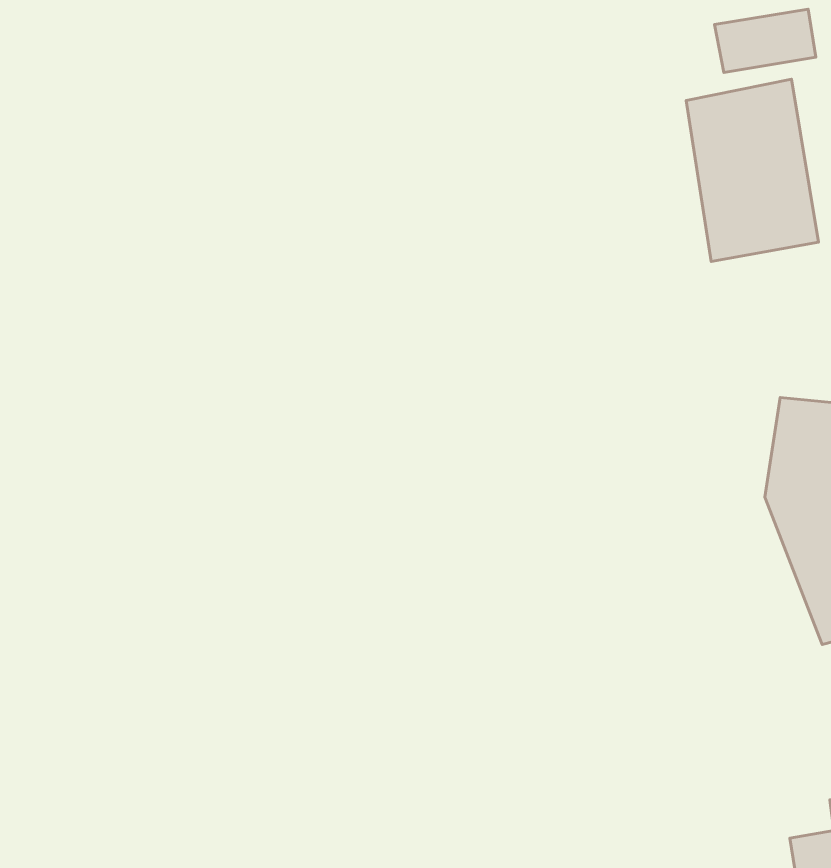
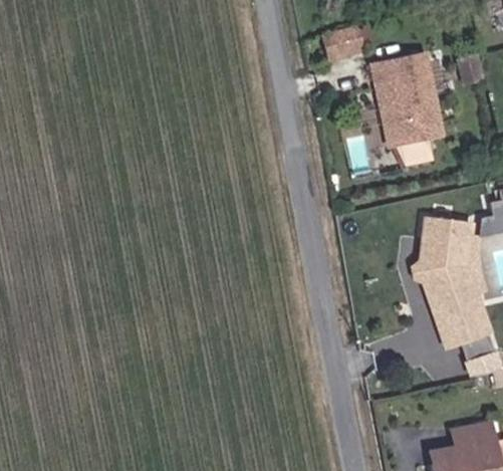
building: [714,9,816,72] -> [320,24,373,57]

